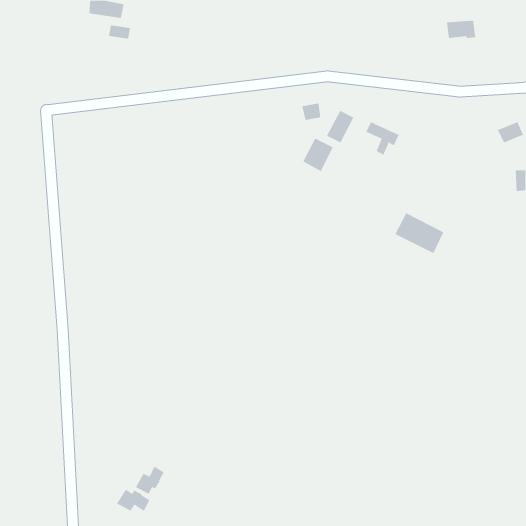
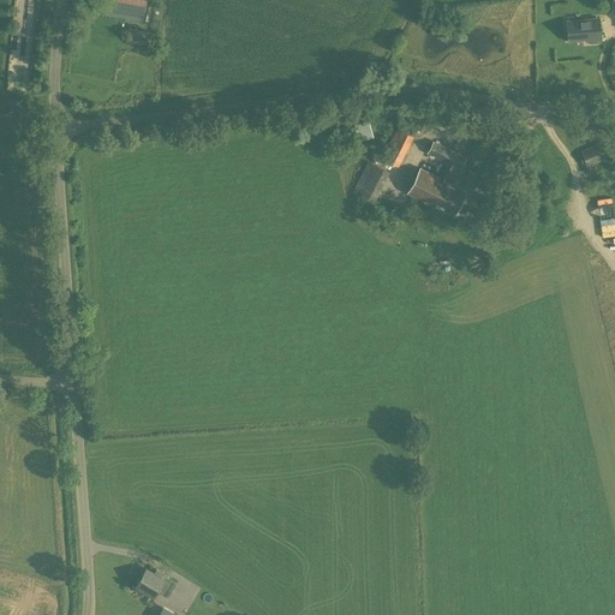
building: [446,20,476,39] -> [566,19,601,41]
building: [395,213,444,254] -> [407,168,465,216]
building: [135,466,164,494] -> none

